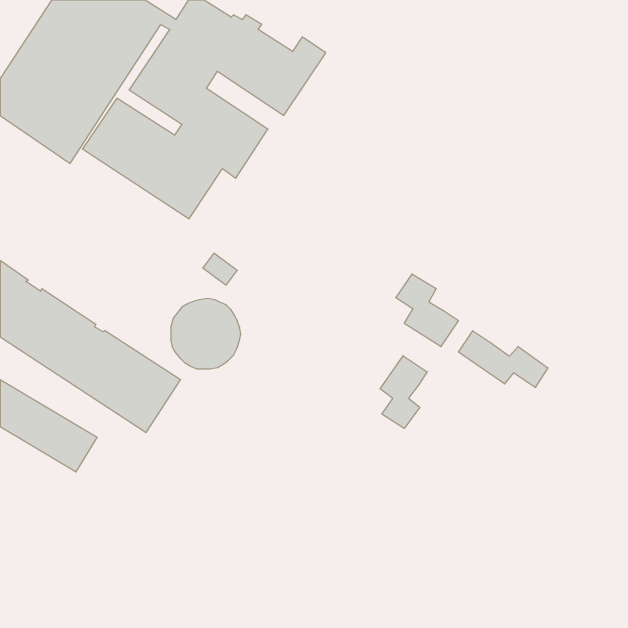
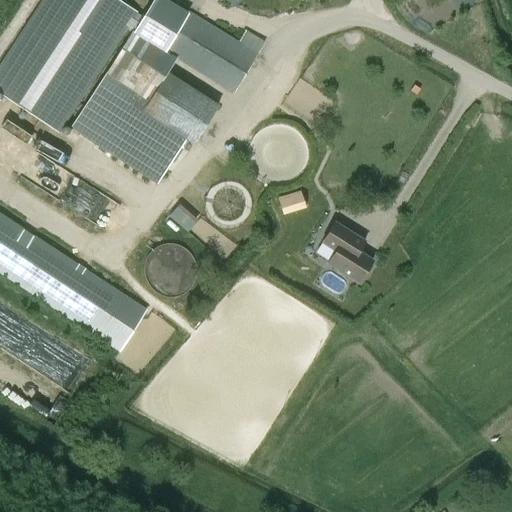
building: [459,331,548,388] -> none
building: [380,356,427,428] -> none

